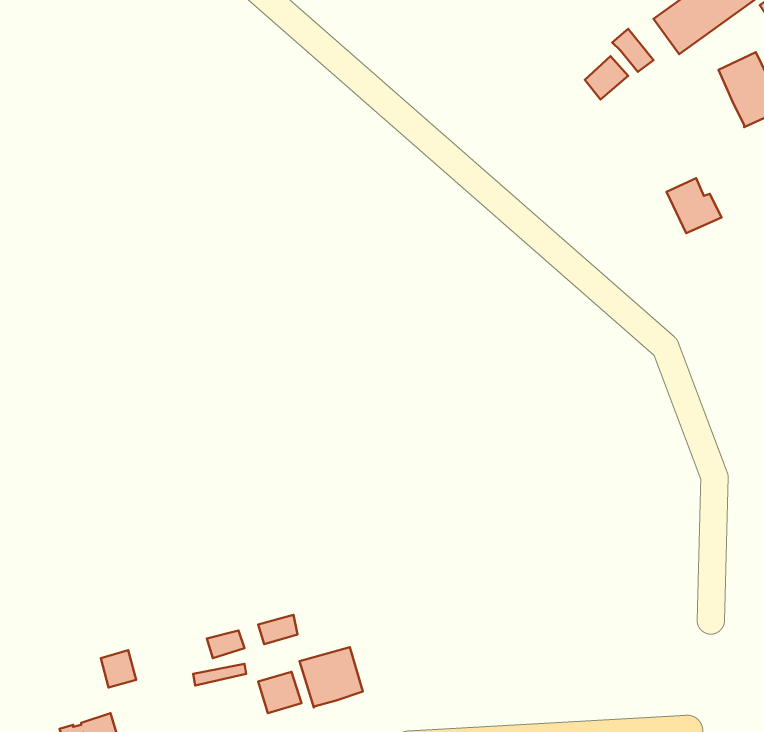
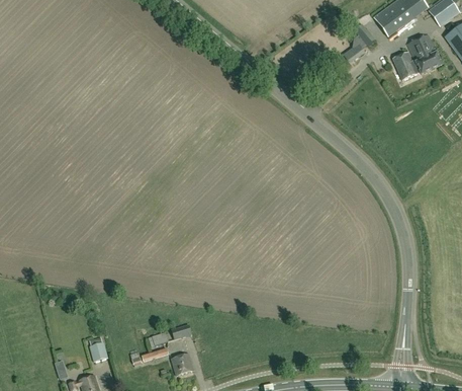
building: [667,178,722,233] -> [392,52,421,80]
building: [300,647,363,707] -> none

